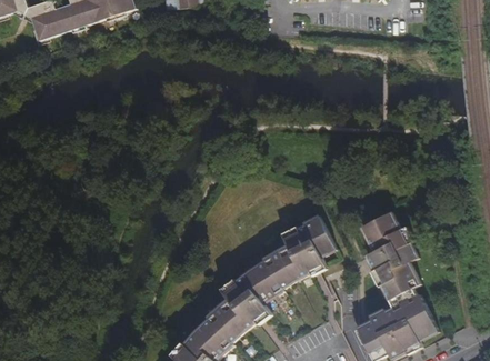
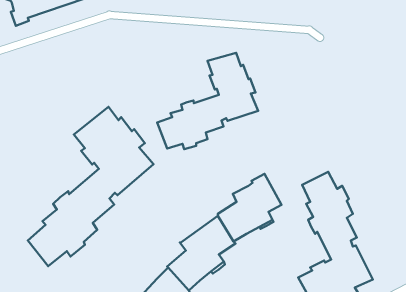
building: none -> [157,53,258,149]
building: none -> [28,107,154,266]

